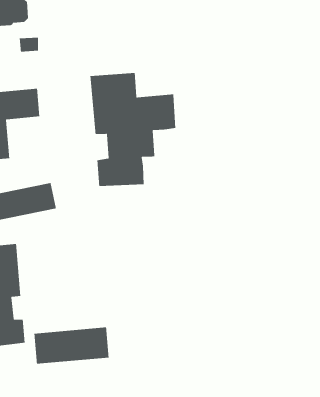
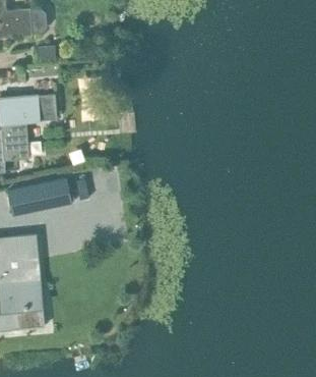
building: [90,72,176,187] -> none
building: [34,327,109,365] -> none

